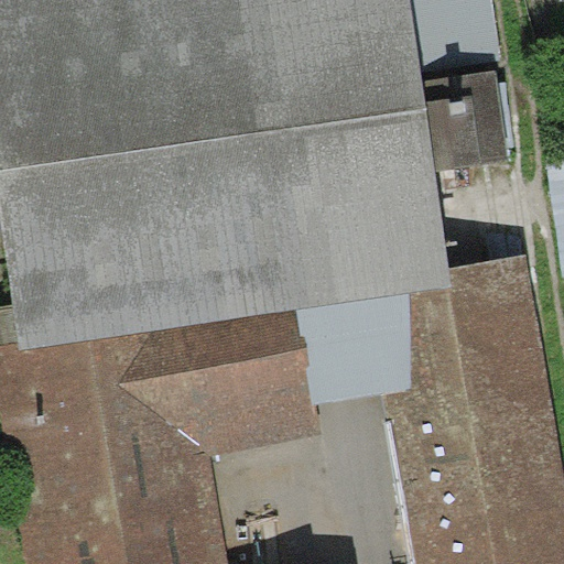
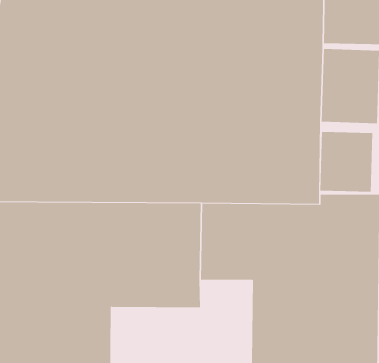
building: none -> [320,131,373,193]

